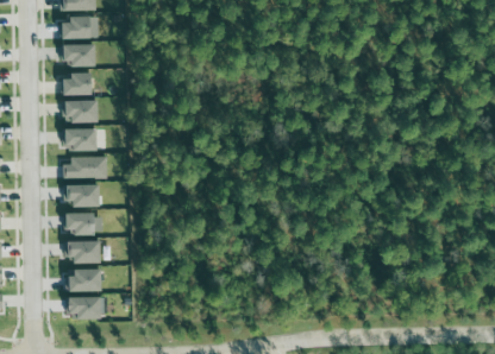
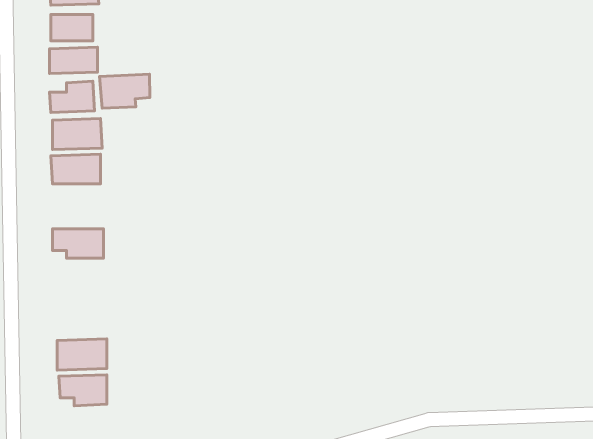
building: none -> [99,74,150,108]
building: [63,157,107,179] -> none
building: [64,213,98,234] -> none
building: [63,240,102,263] -> none

